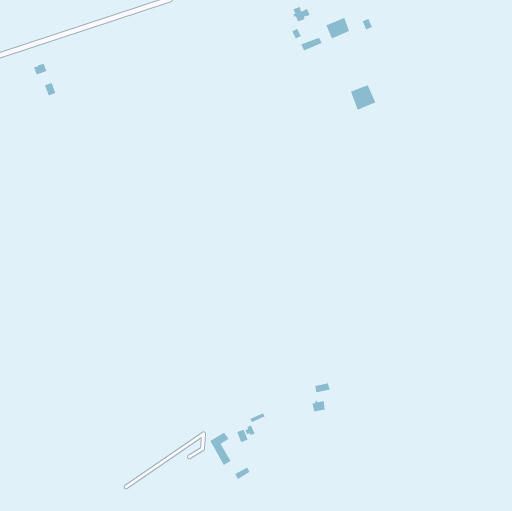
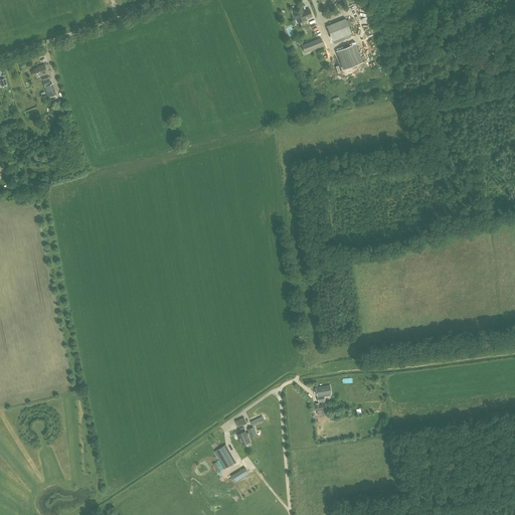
building: [350,84,376,110] -> [337,42,363,68]

